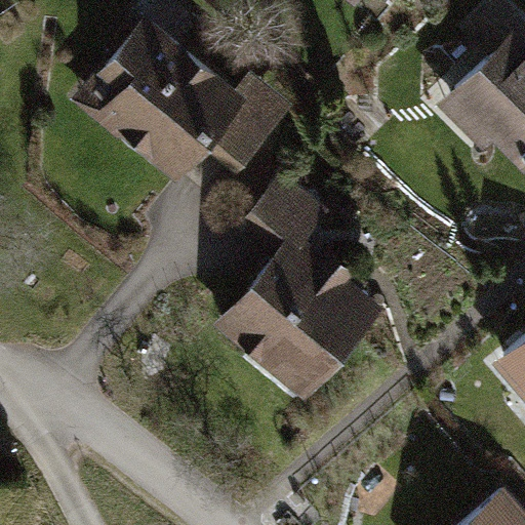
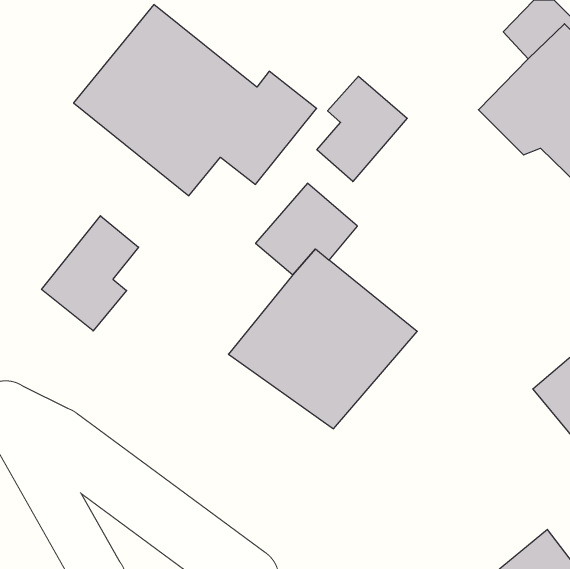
building: none -> [317,76,407,182]
building: none -> [42,216,139,331]

